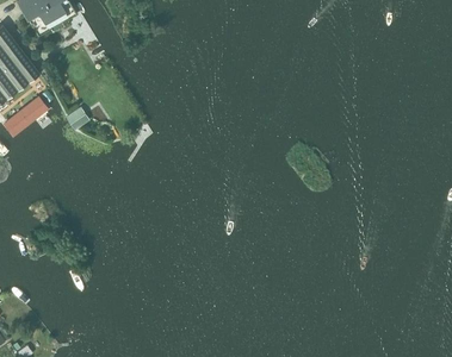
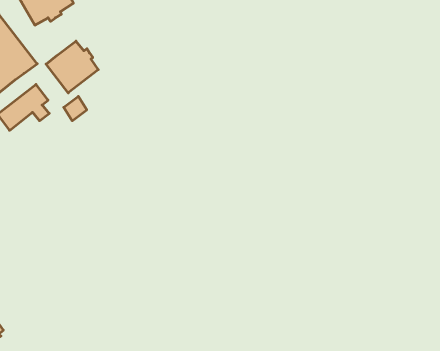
building: none -> [46,41,98,93]

